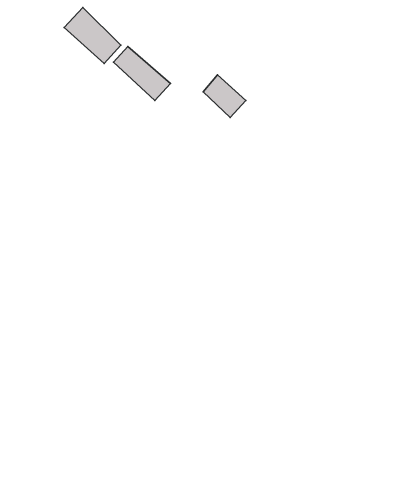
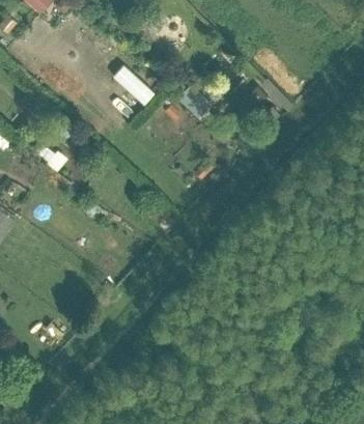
building: [64,8,121,63] -> none

